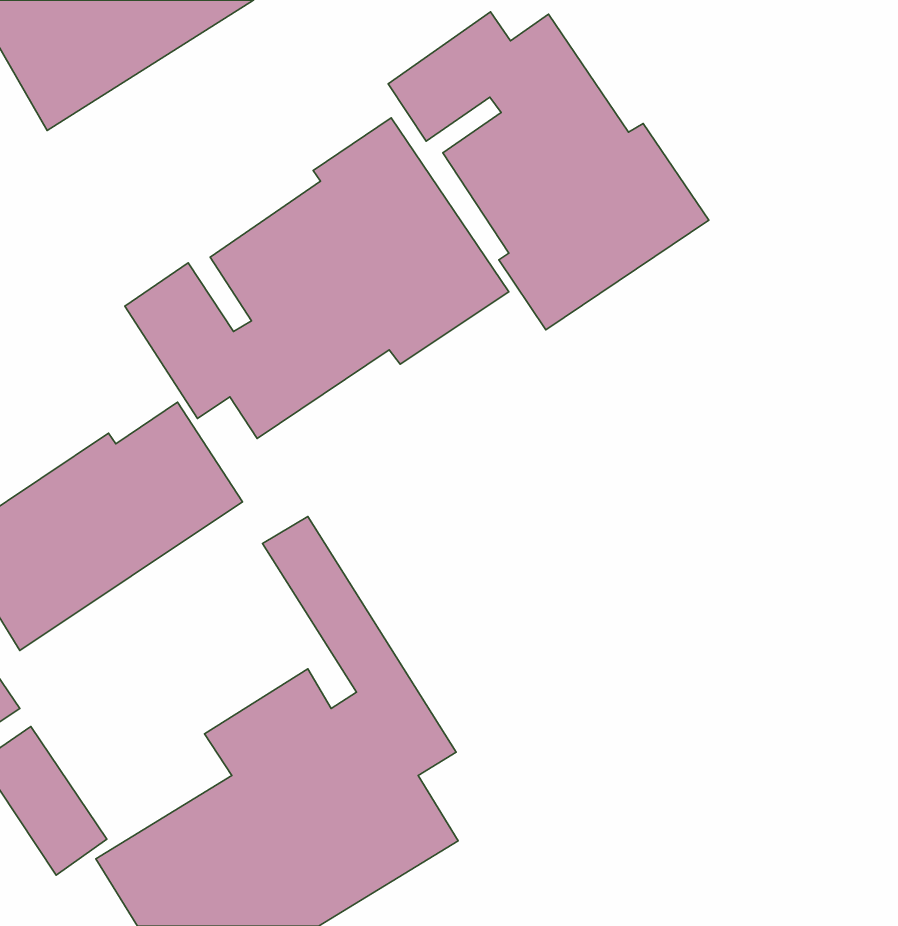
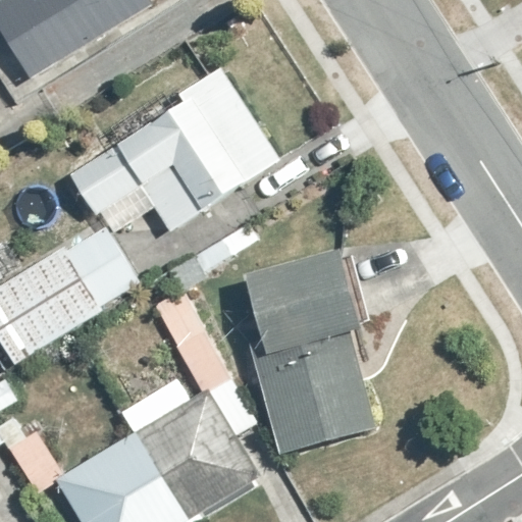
building: [388,12,709,330] -> none
building: none -> [246,252,381,462]

